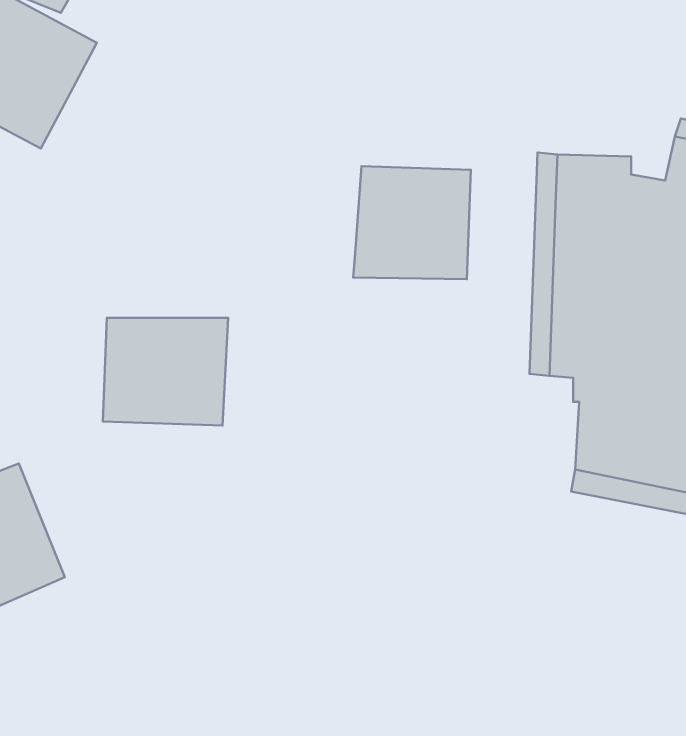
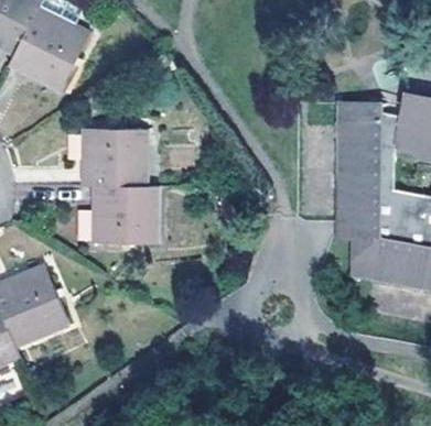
building: [353,166,471,279] -> none
building: none -> [82,128,150,185]

